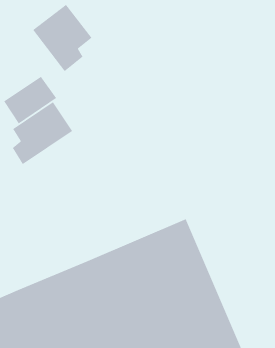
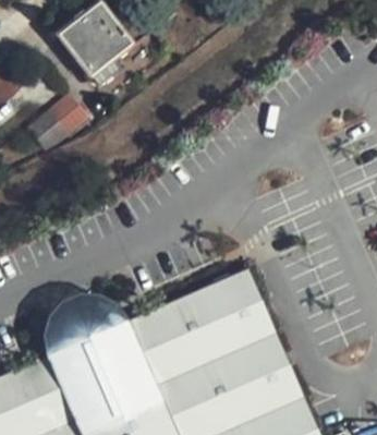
building: [12,101,73,165] -> none
building: none -> [41,294,129,354]

